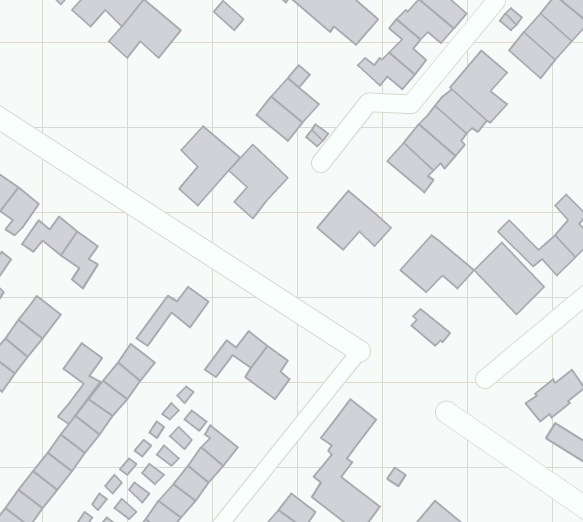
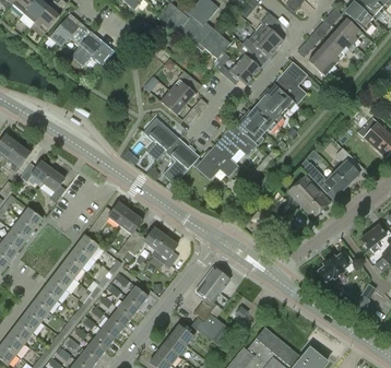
building: [179,126,240,206] -> [163,136,199,183]
building: [400,235,474,292] -> [213,123,257,157]
building: [58,343,102,424] -> [116,210,142,258]

